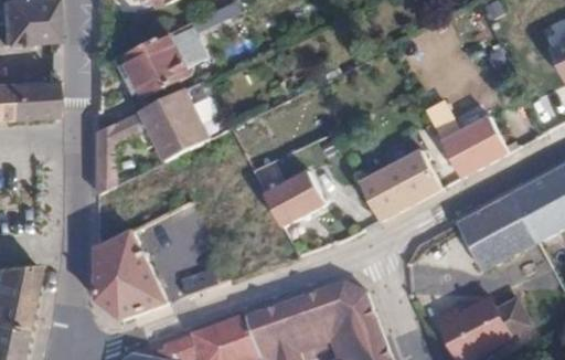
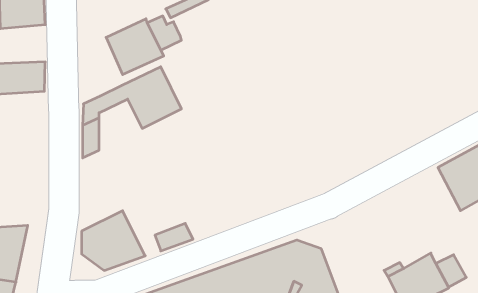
building: [440,116,508,178] -> none
building: [358,151,437,222] -> none
building: [264,168,327,226] -> none
building: [458,201,522,272] -> none
building: [95,226,141,273] -> none

